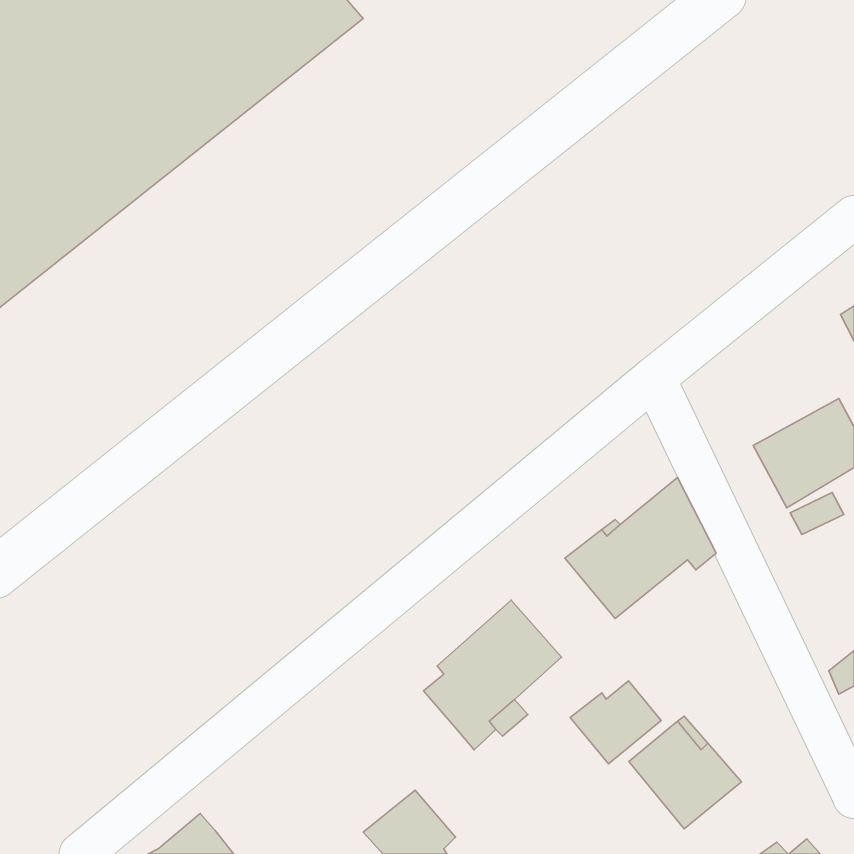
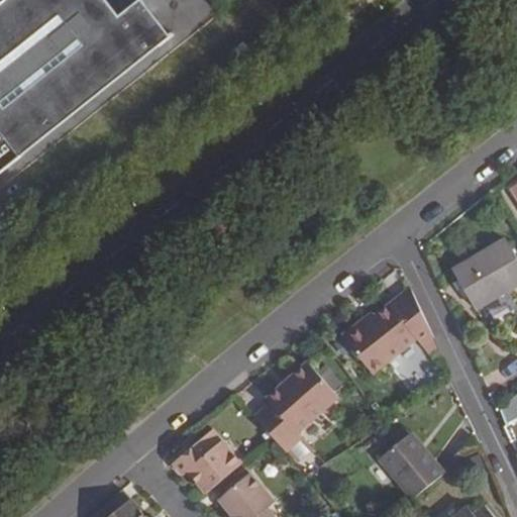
building: [570,681,661,764] -> none
building: none -> [172,430,240,494]

